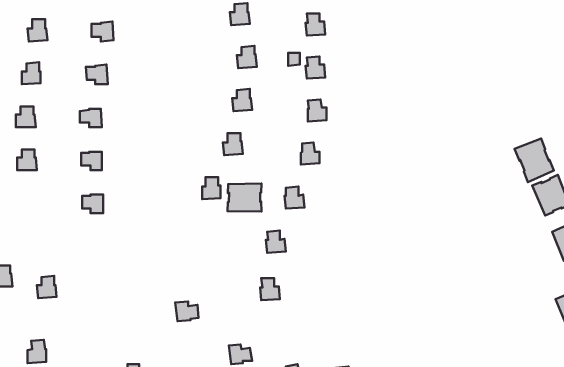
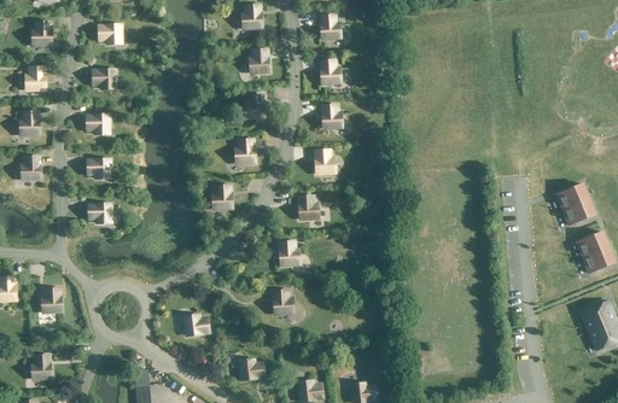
building: [514,139,554,182] -> none
building: [228,183,261,212] -> none

